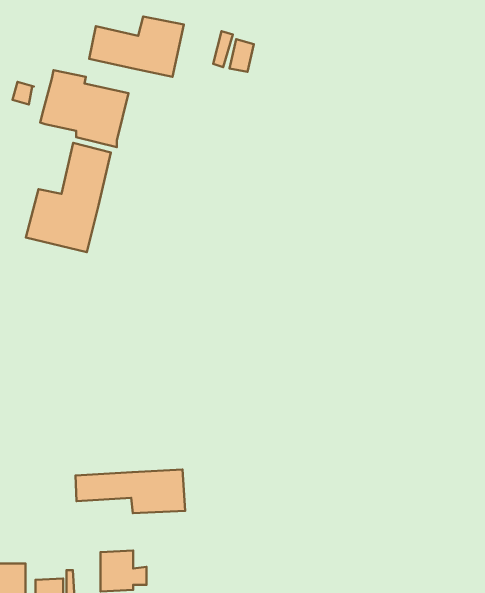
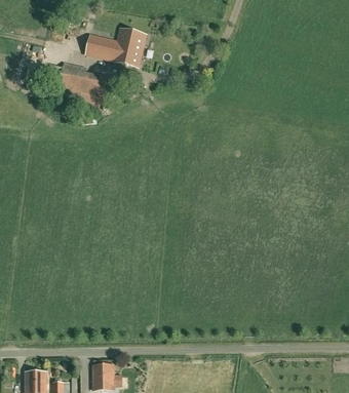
building: [26,143,111,252] -> none
building: [76,470,185,513] -> none

